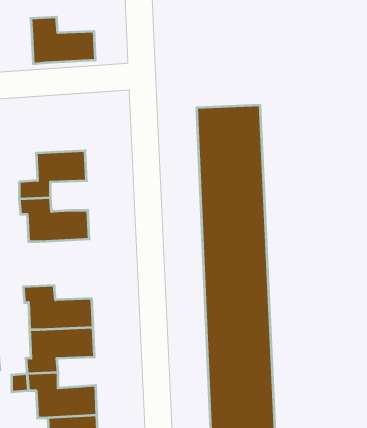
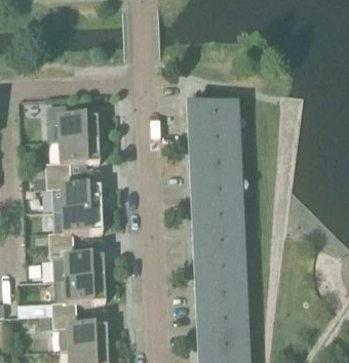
building: [31,17,95,64] -> [47,103,99,139]
building: none -> [48,206,103,244]

